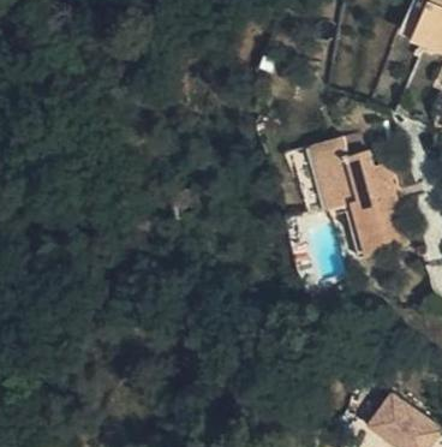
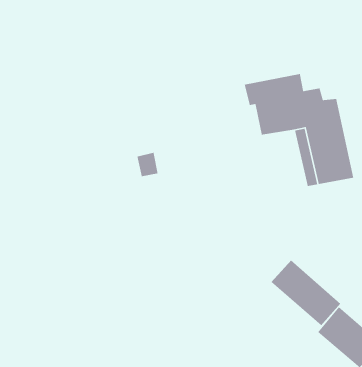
building: none -> [270,260,341,326]

